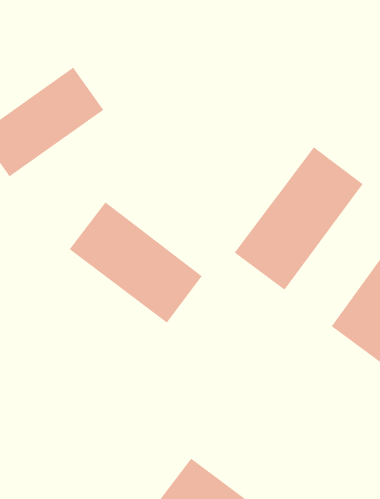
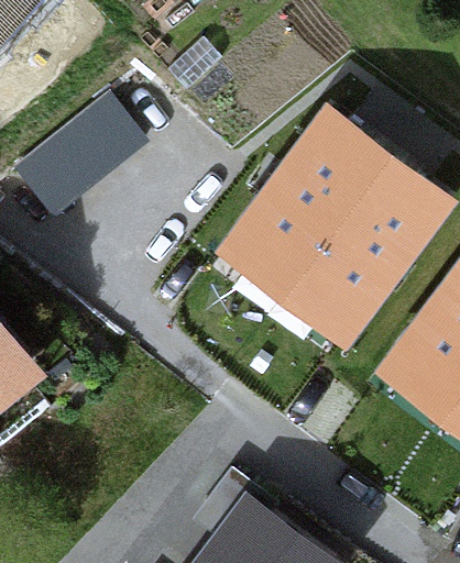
building: none -> [239,132,379,286]
building: [69,202,203,323] -> none

